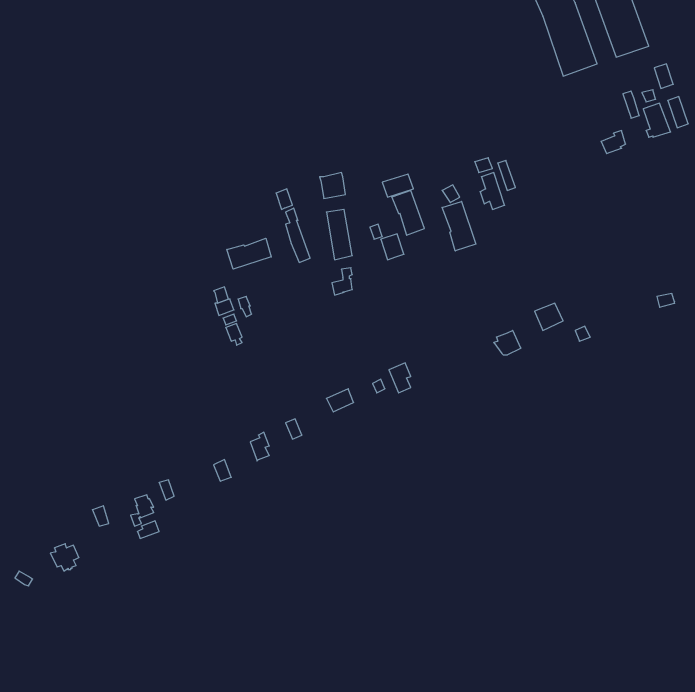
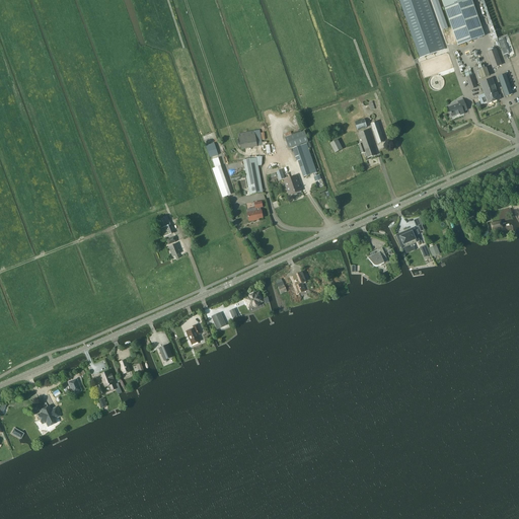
building: [442,201,476,251] -> none
building: [227,238,271,269] -> none

